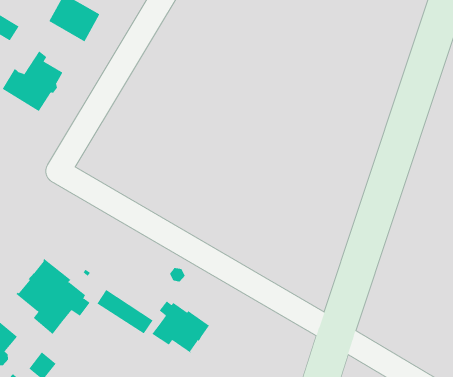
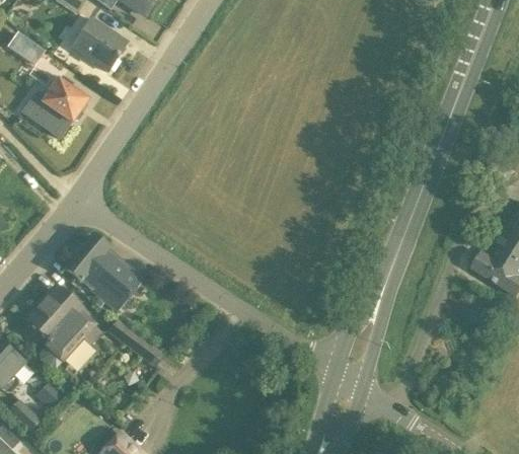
building: none -> [66,235,145,311]
building: [152,300,210,354] -> none

